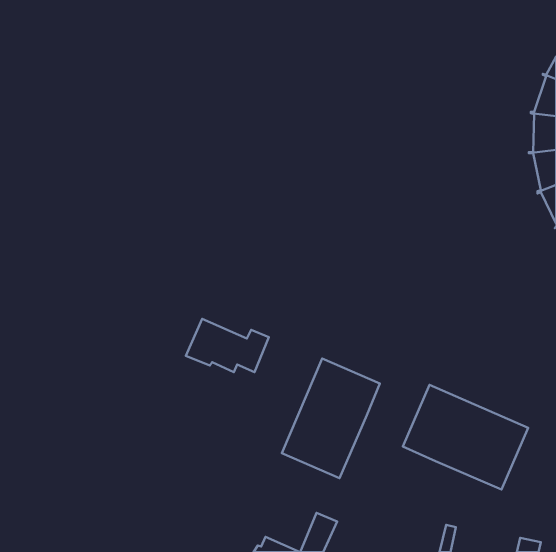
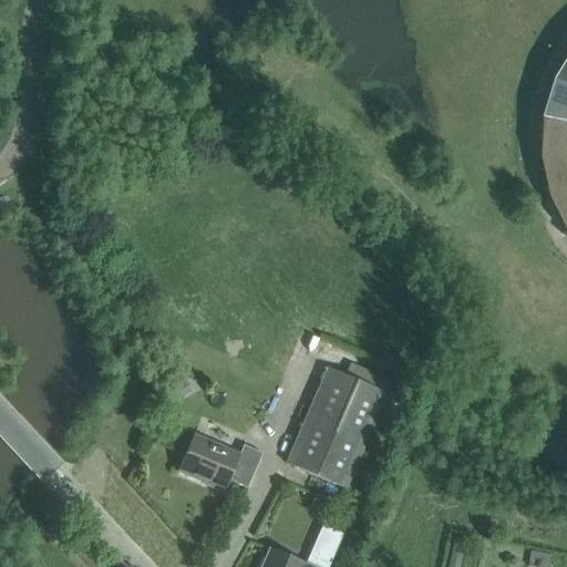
building: [186,319,269,372] -> [177,432,261,486]
building: [403,385,528,489] -> none

